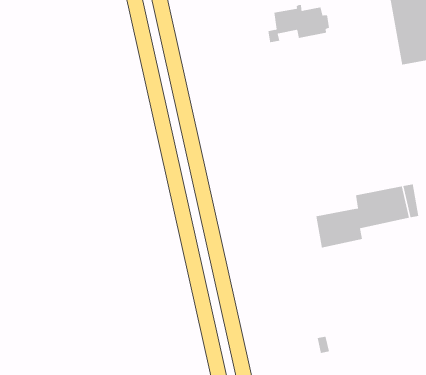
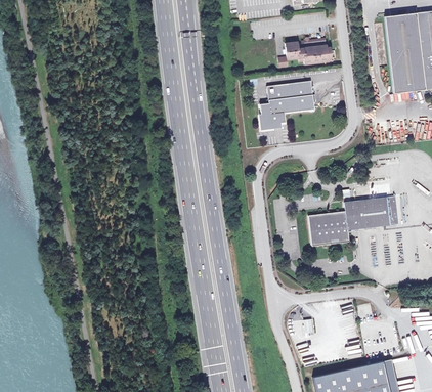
building: none -> [258,82,313,130]

